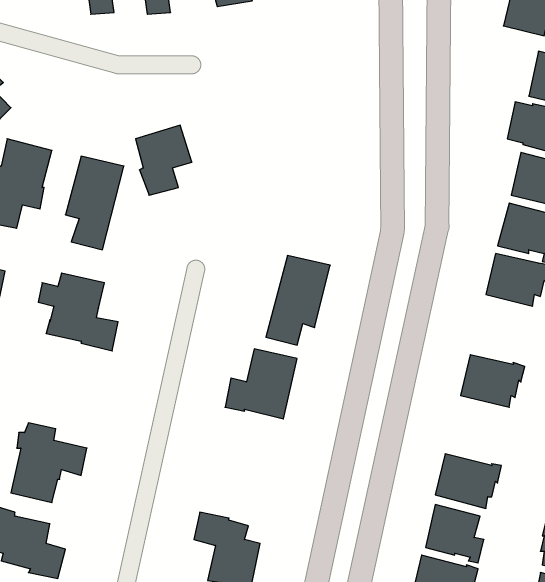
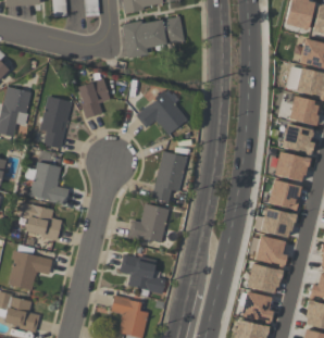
building: none -> [123,16,186,58]
building: none -> [137,90,188,135]
building: none -> [269,179,302,211]
building: none -> [20,203,62,241]
building: none -> [254,235,287,270]
building: none -> [120,254,166,296]

